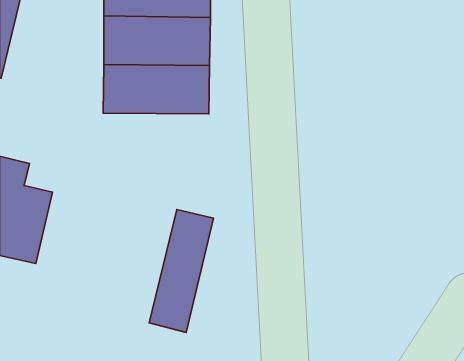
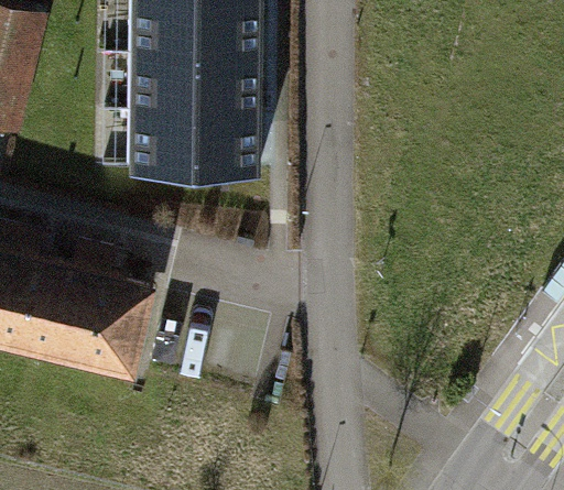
building: none -> [48,243,147,375]
building: [149,209,213,332] -> none

